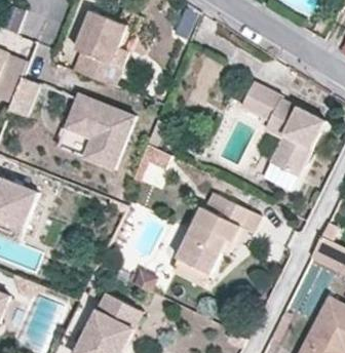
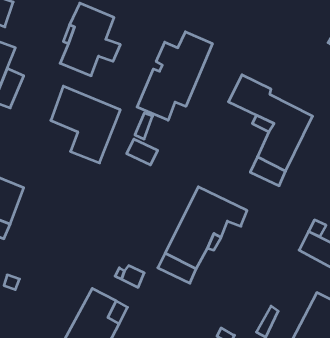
building: none -> [137,32,212,120]

